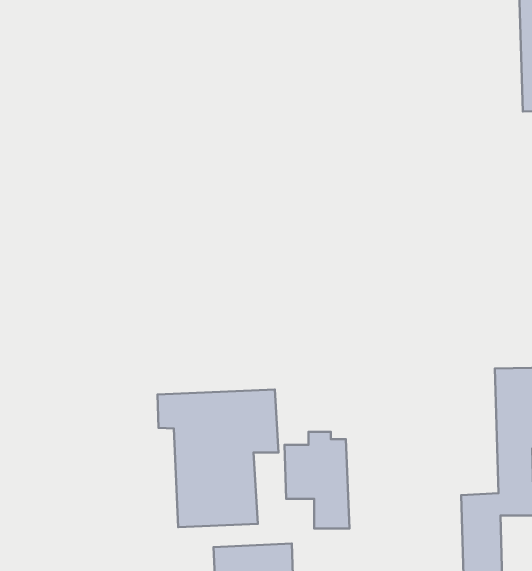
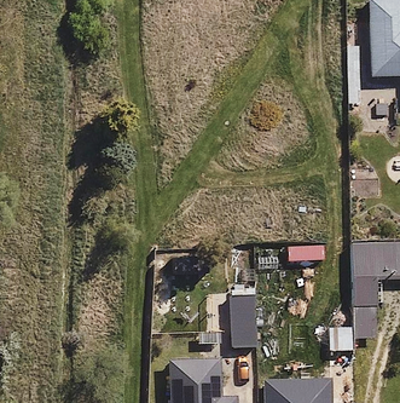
building: [157,390,278,527] -> none

